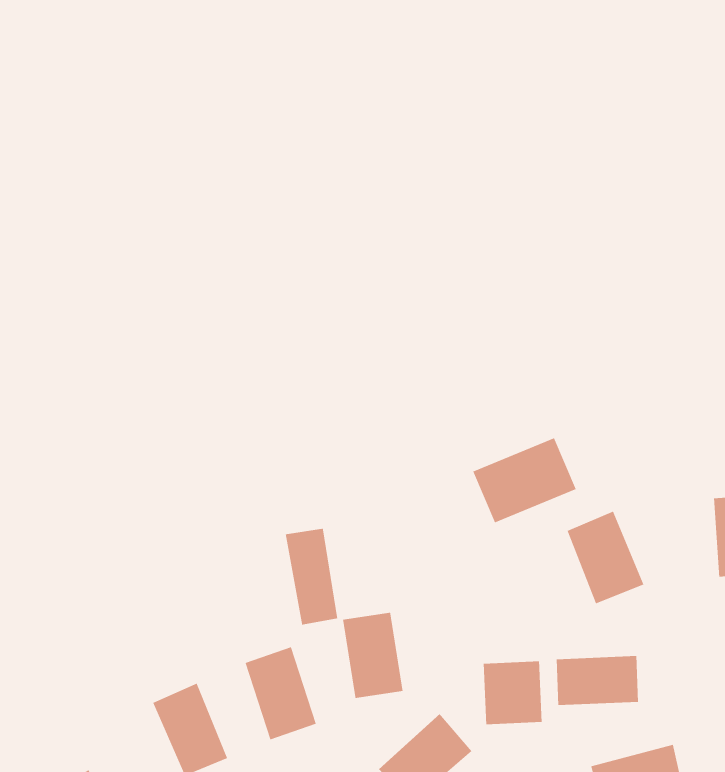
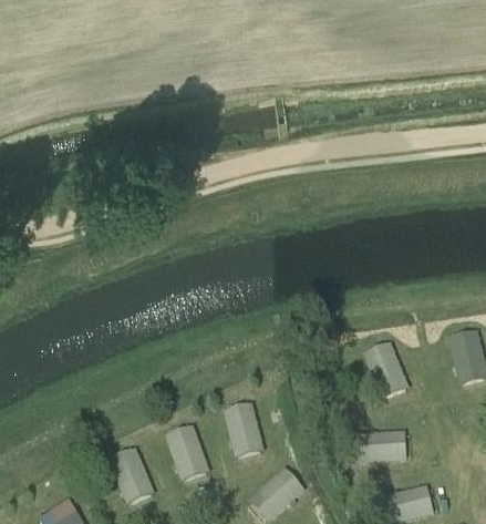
building: [472,437,577,523] -> none
building: [285,528,338,626] -> none
building: [483,660,542,725] -> none

